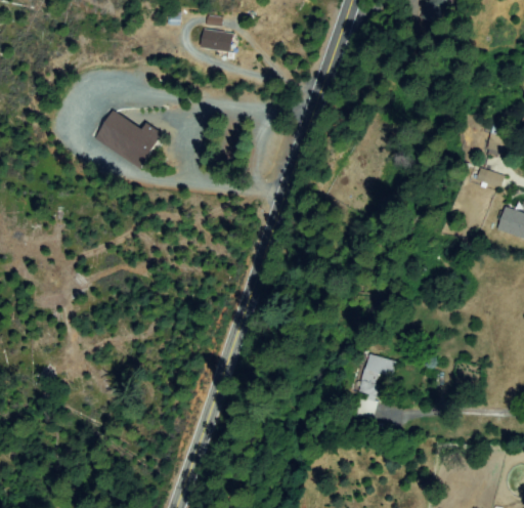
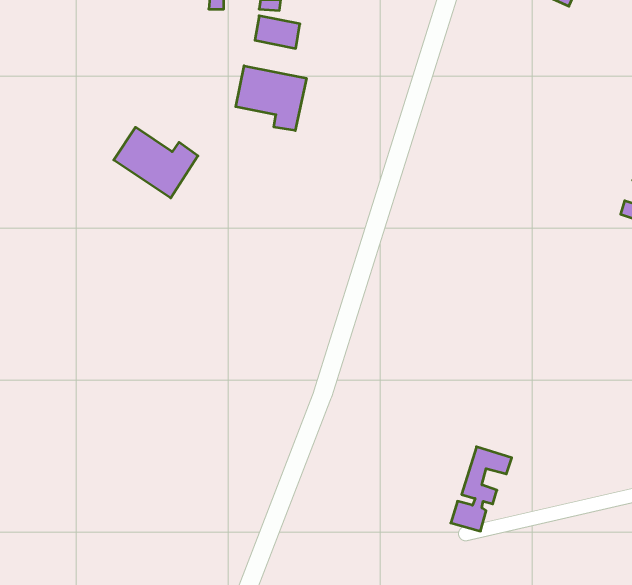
building: none -> [236,66,306,131]

